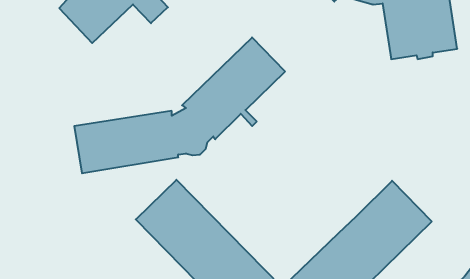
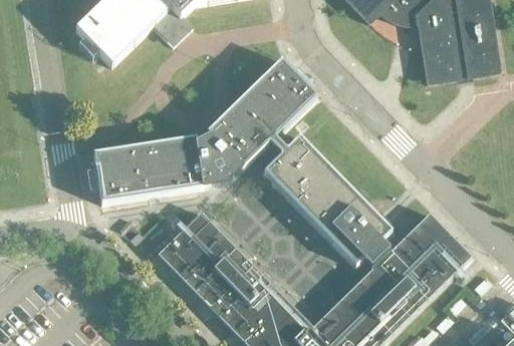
building: none -> [262,135,391,268]

